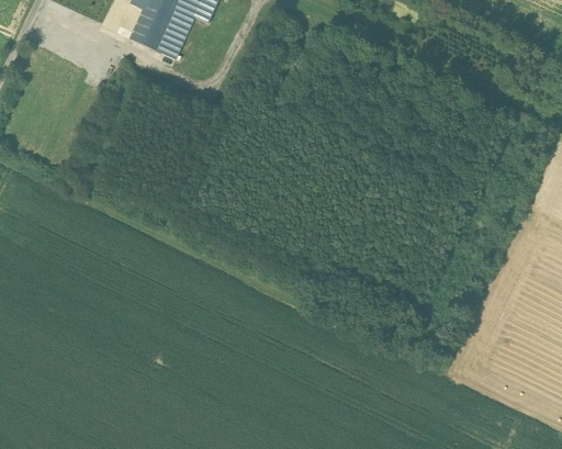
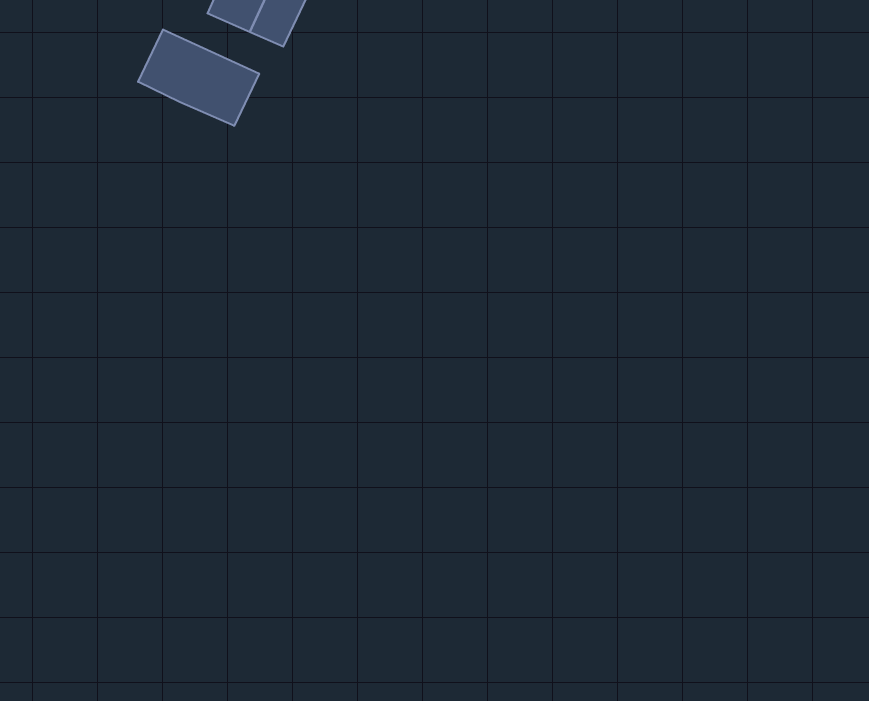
building: none -> [138,29,259,126]

